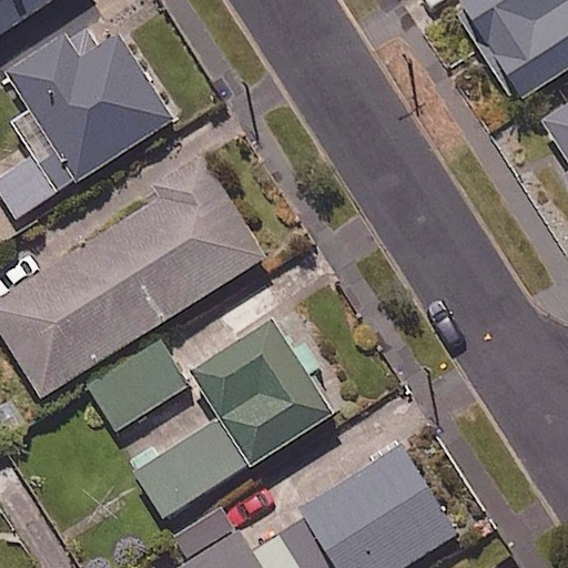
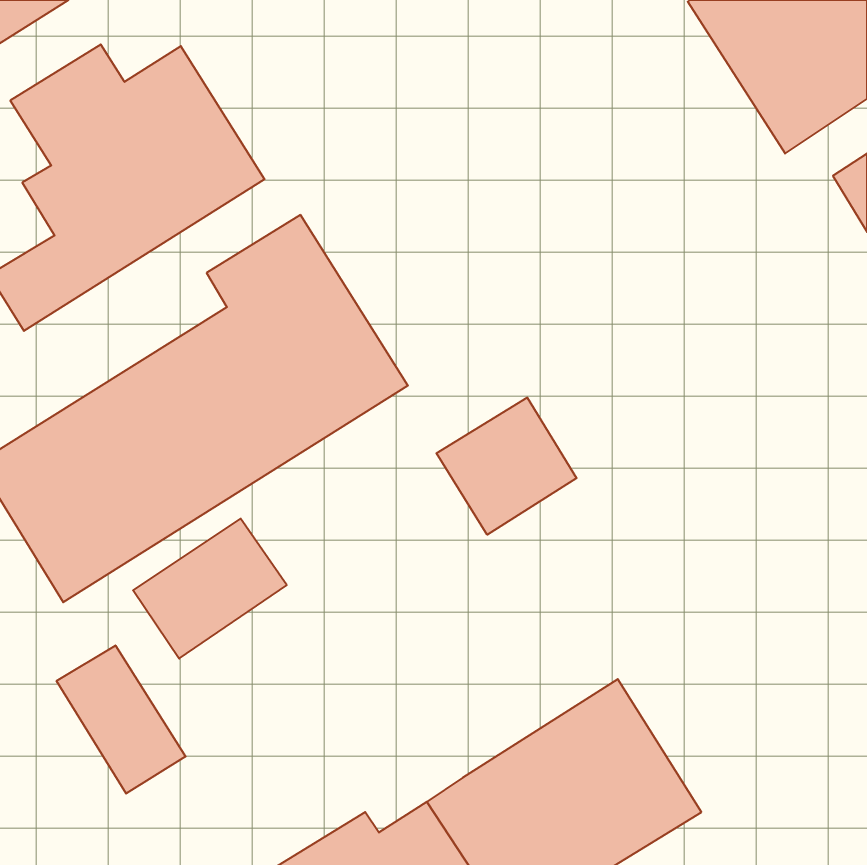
building: none -> [436,398,577,535]
building: [129,320,331,517] -> none
building: none -> [57,645,186,794]

